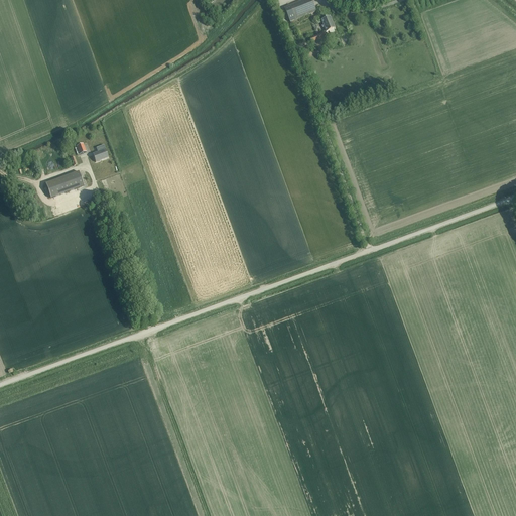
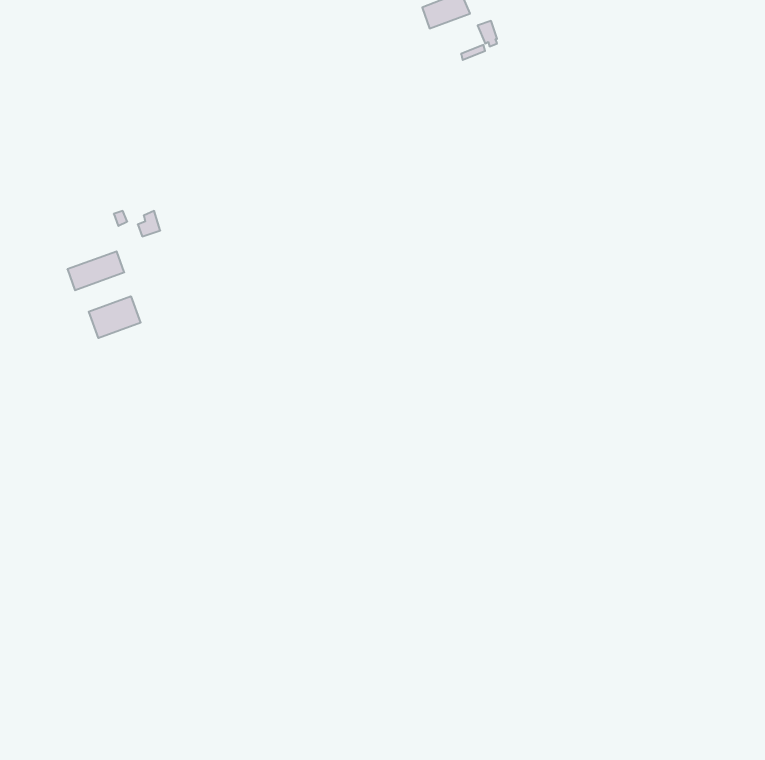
building: none -> [89,296,141,338]

